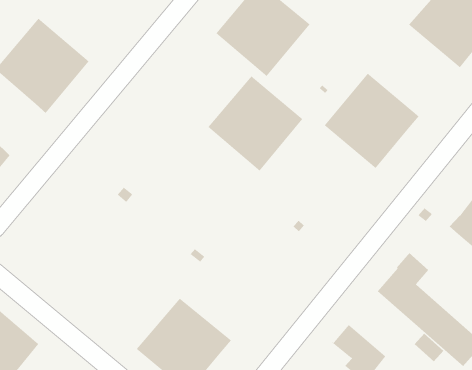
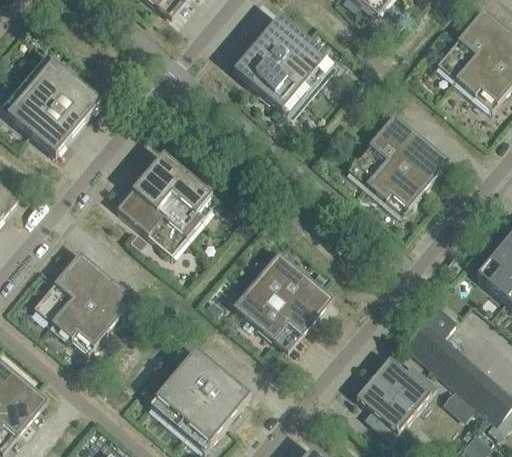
building: [208,76,303,171] -> [116,155,217,256]
building: none -> [33,252,134,353]
building: none -> [232,252,333,353]
building: none -> [373,358,436,413]

